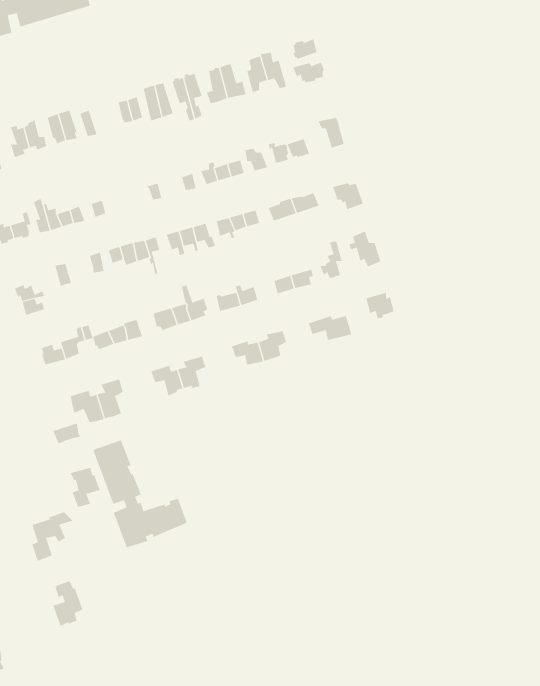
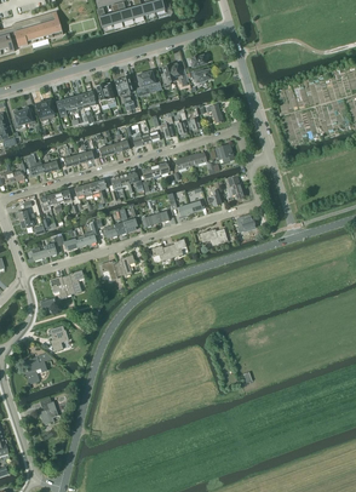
building: [92,439,188,548] -> none

